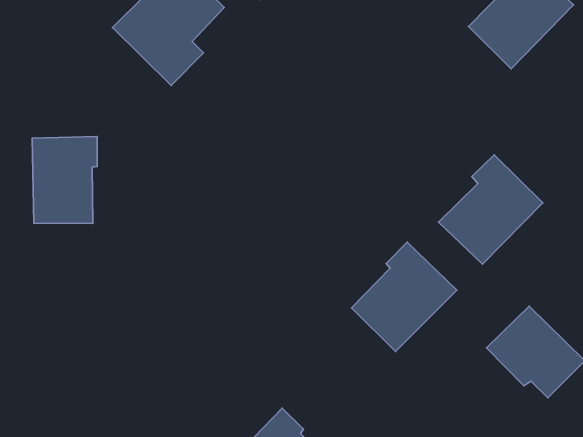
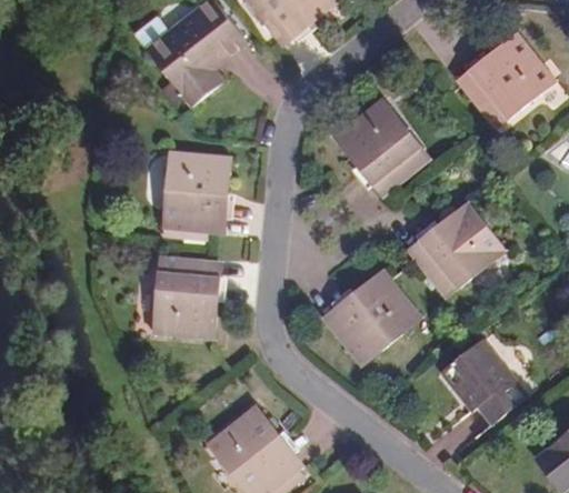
building: none -> [335,97,430,192]
building: [32,136,97,223] -> [164,152,230,234]
building: none -> [154,256,214,340]

